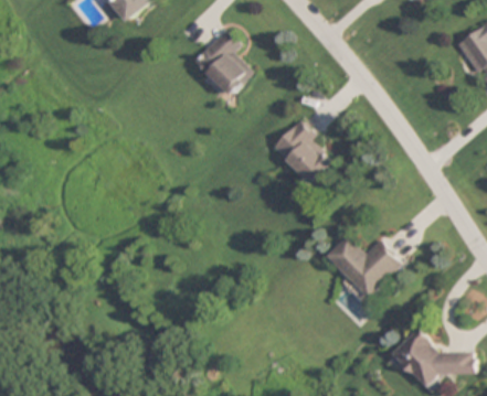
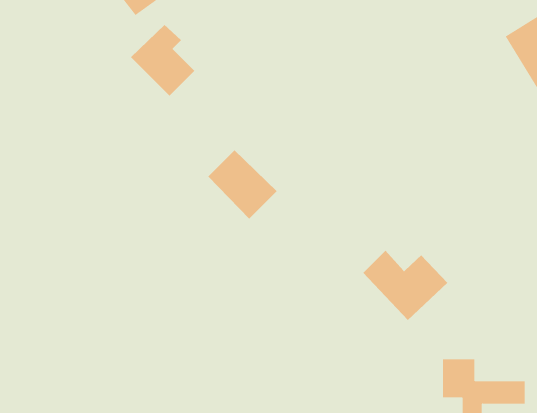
building: [193,31,252,96] -> [130,24,195,96]
building: [272,122,335,185] -> [208,150,277,219]

